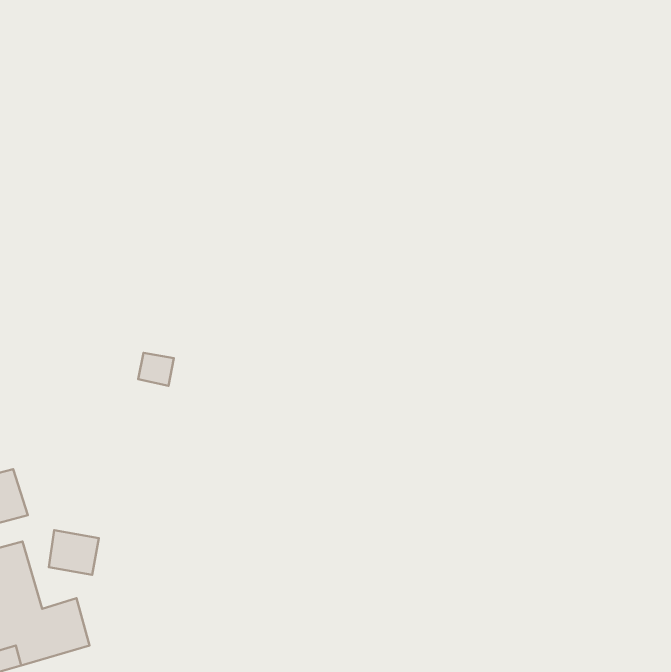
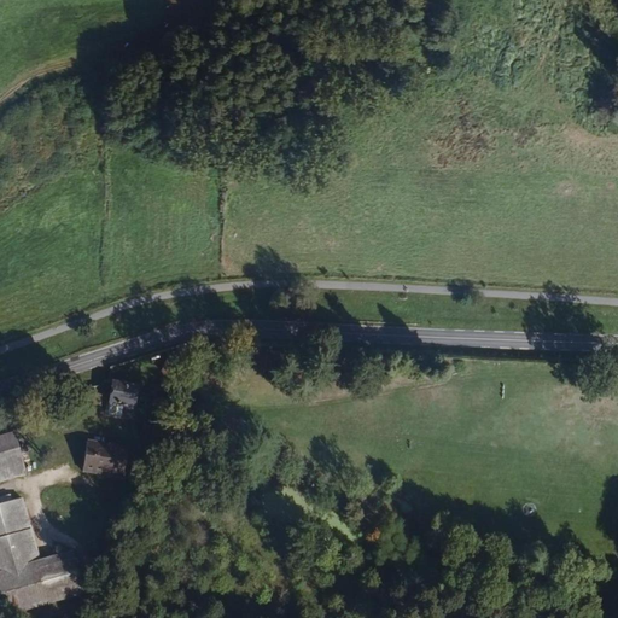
building: [138,353,174,386] -> [106,379,139,409]
building: [49,530,99,575] -> [80,437,126,478]

